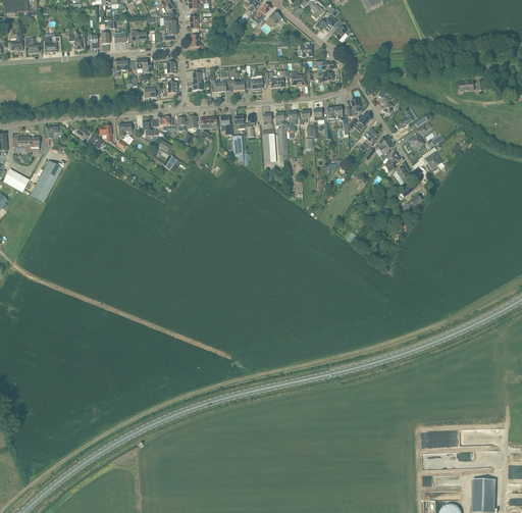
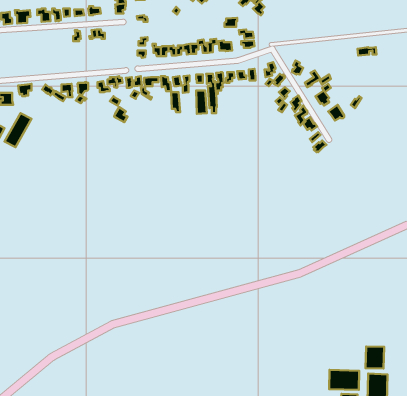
building: none -> [365,347,384,369]
building: none -> [329,370,359,390]

